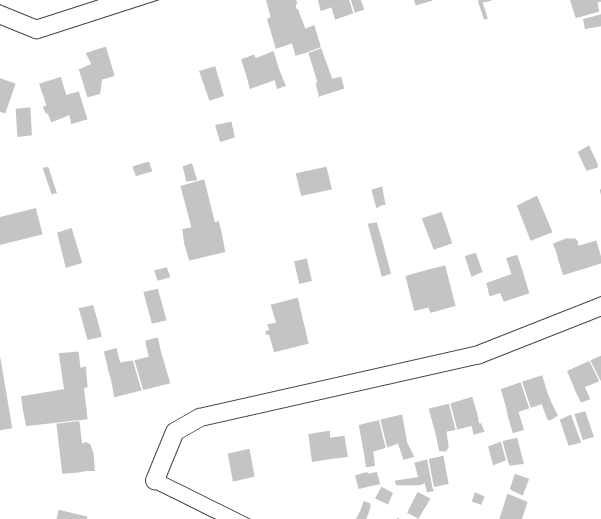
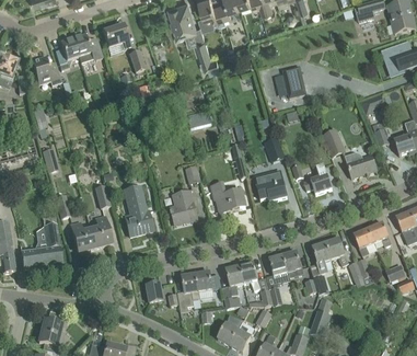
building: none -> [72,35,102,64]
building: [240,50,287,90] -> [102,24,130,48]
building: none -> [281,66,305,99]
building: [180,179,226,261] -> [124,186,152,237]
building: none -> [211,184,245,215]
building: [56,421,95,474] -> none
building: none -> [176,275,199,313]

